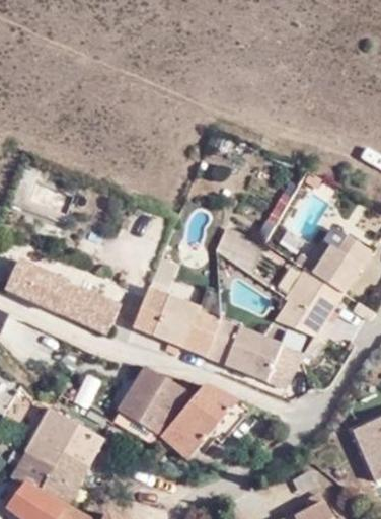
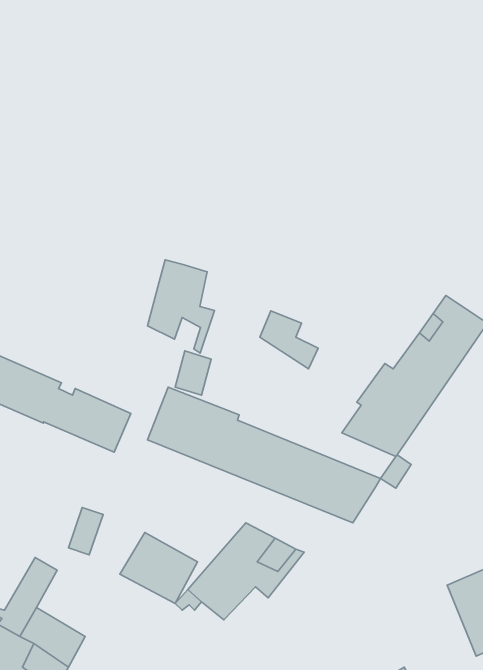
building: none -> [147,260,215,353]
building: [131,367,187,414] -> none
building: [52,420,102,468] -> none

